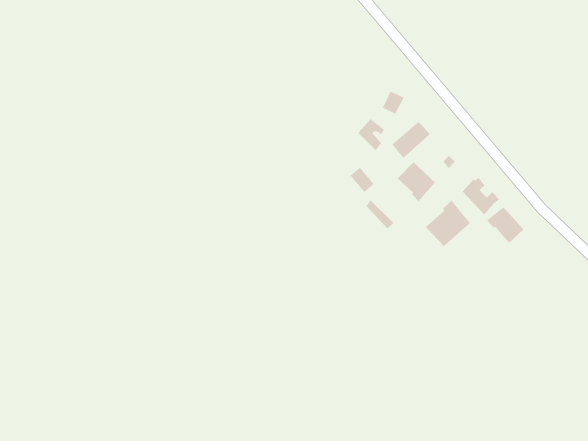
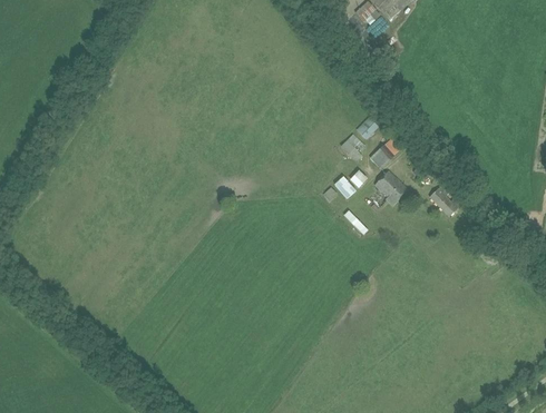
building: [425,200,470,247] -> none
building: [486,207,524,244] -> none

